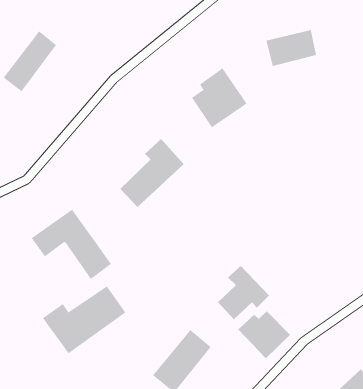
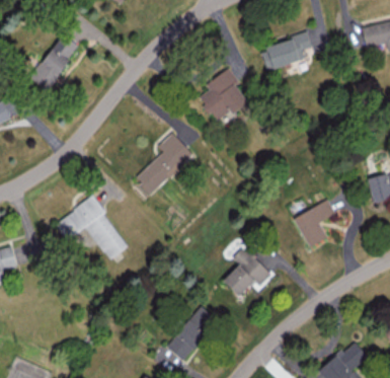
building: none -> [294,201,335,247]
building: [42,286,126,354] -> none
building: [237,310,291,359] -> none

